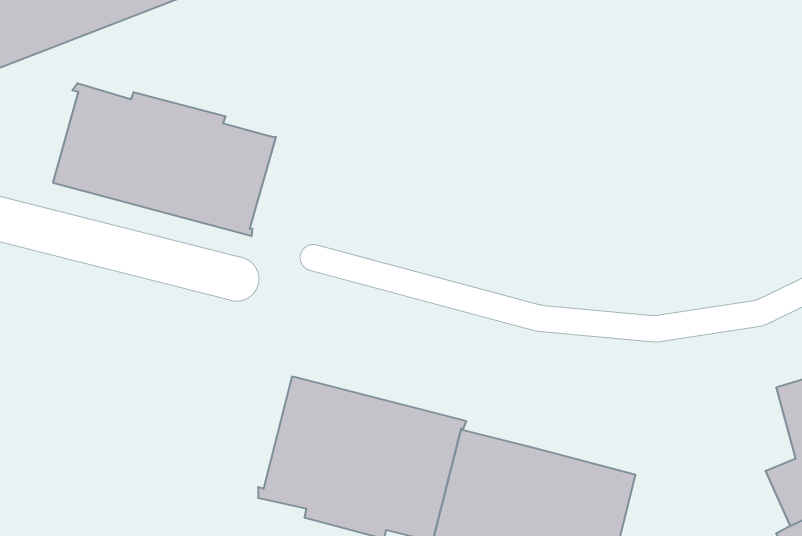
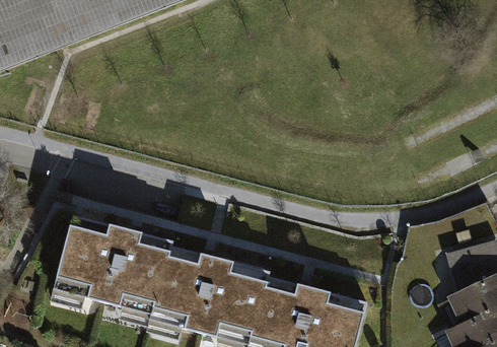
building: [53,83,276,236] -> none
building: none -> [54,214,172,309]

